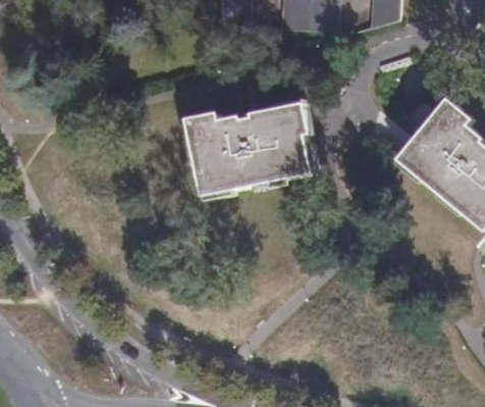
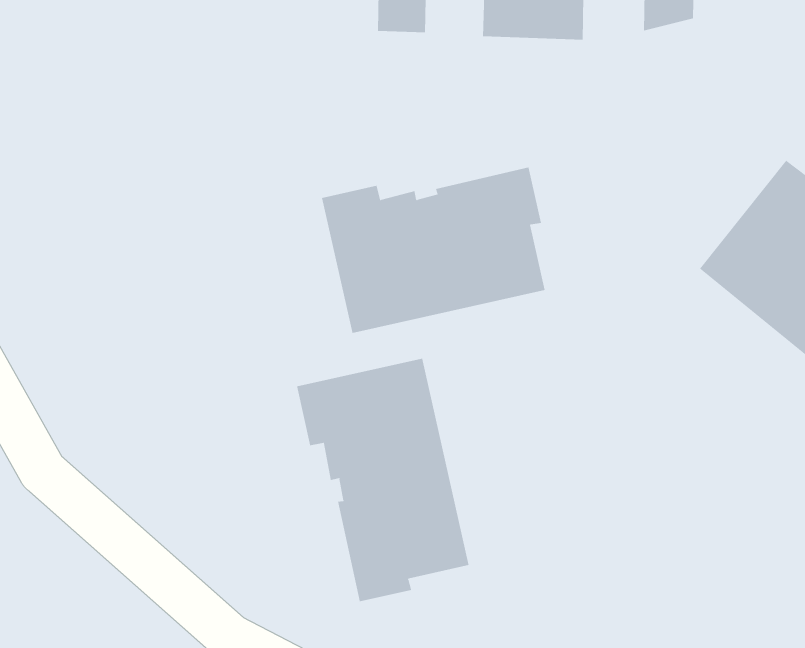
building: none -> [296,358,469,602]

